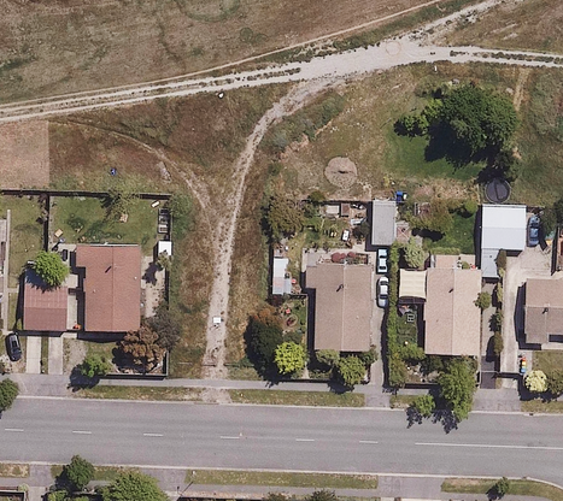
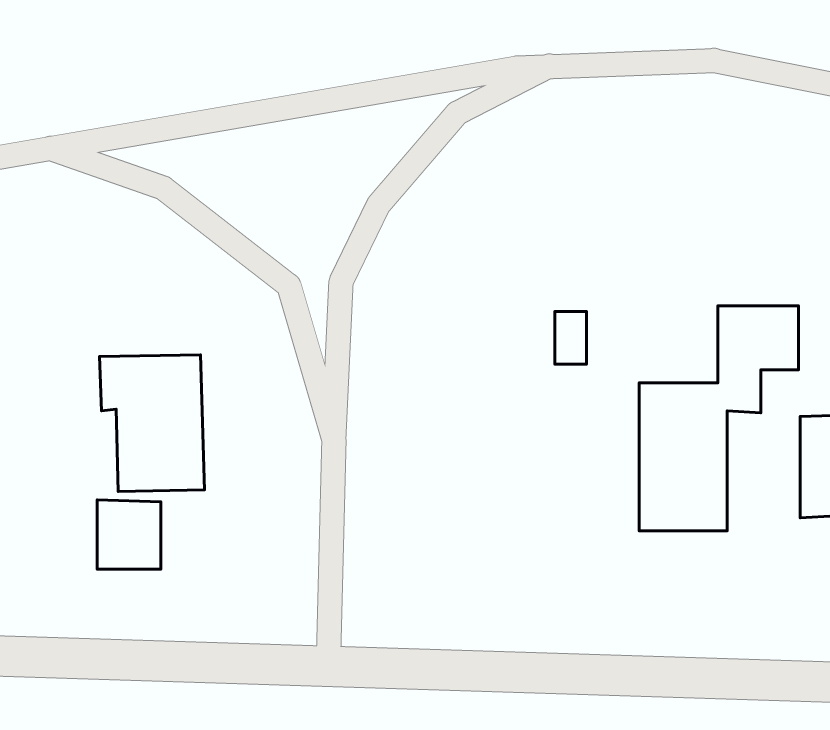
building: [309,257,370,350] -> none
building: [24,289,65,334] -> [97,500,161,569]

